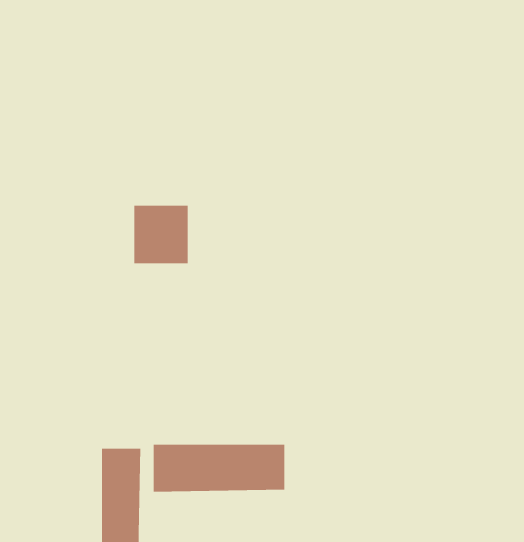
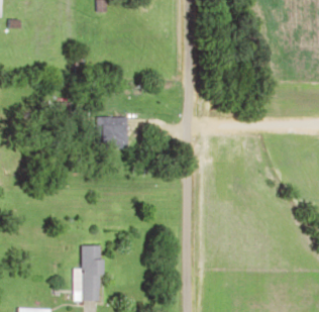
building: [153,444,285,493] -> none

